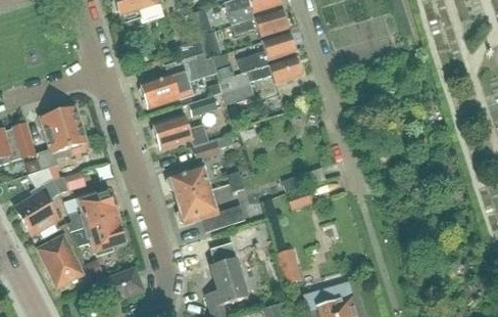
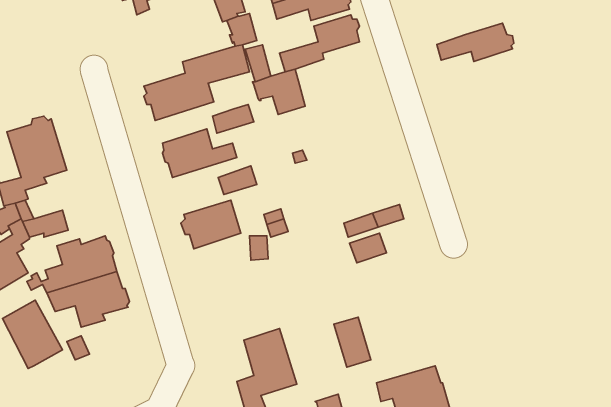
building: [248,55,303,83] -> [437,23,514,62]
building: [176,188,246,232] -> none
building: [103,270,142,302] -> none

